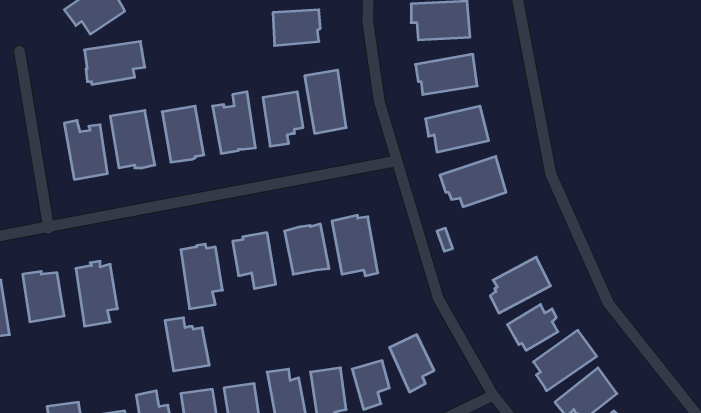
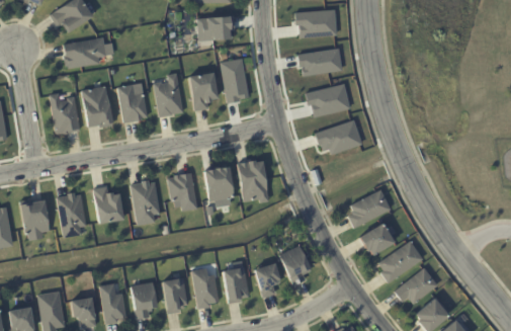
building: [165,318,209,371] -> [93,186,124,224]

